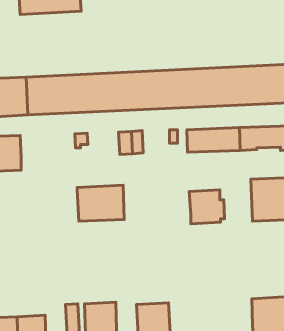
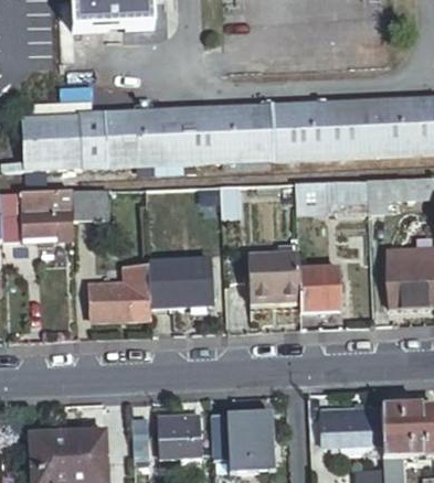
building: none -> [72,190,109,221]
building: none -> [248,250,300,301]
building: none -> [91,265,150,320]
building: none -> [325,410,383,449]

